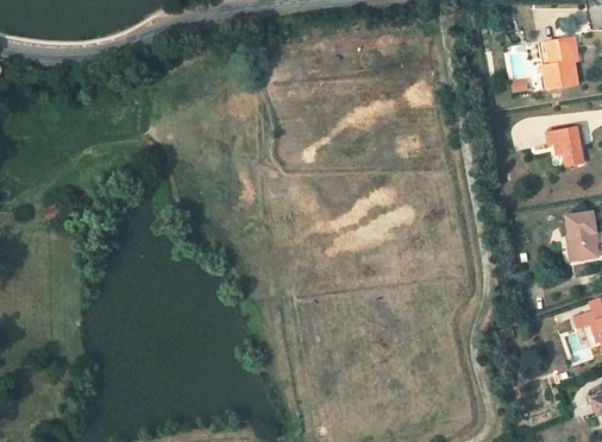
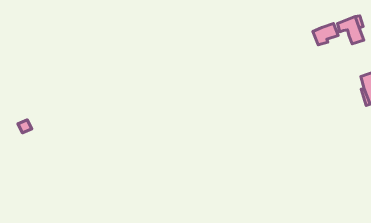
building: none -> [313,24,338,45]

